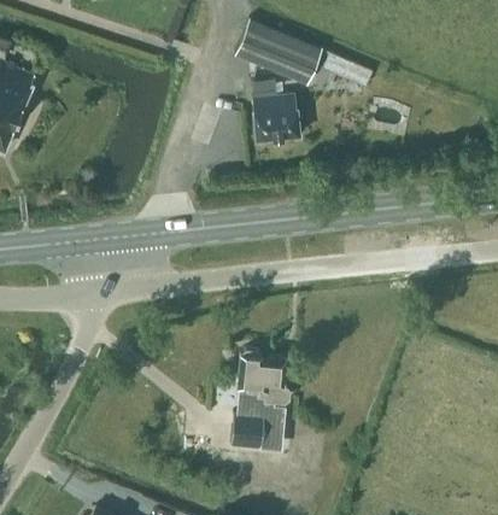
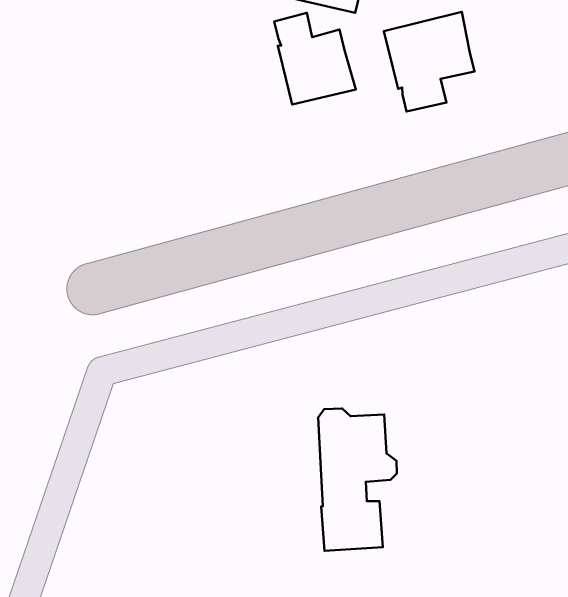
building: none -> [384,12,475,112]

